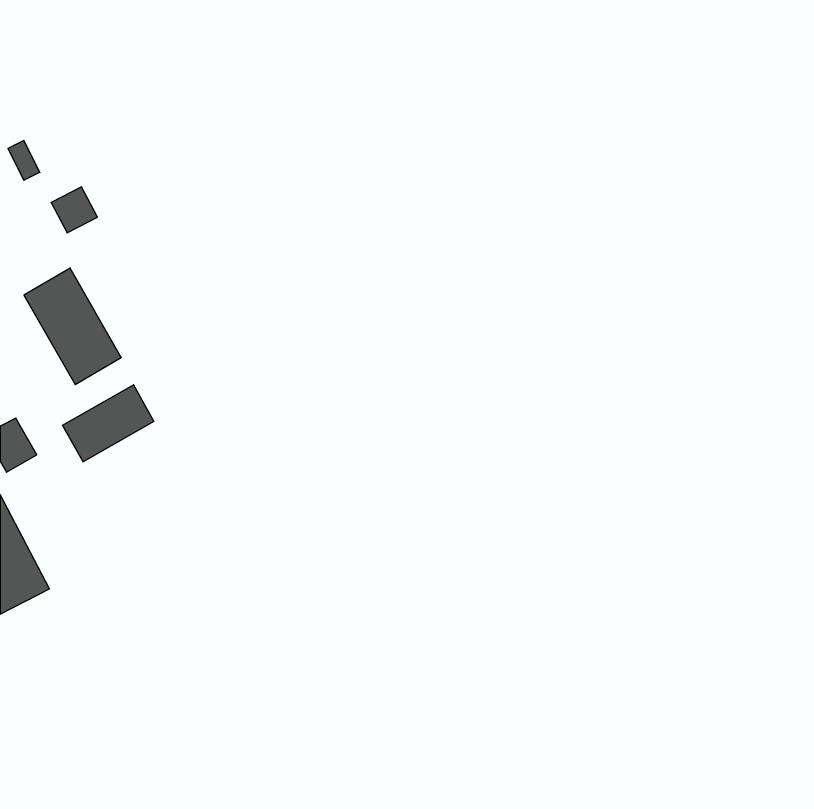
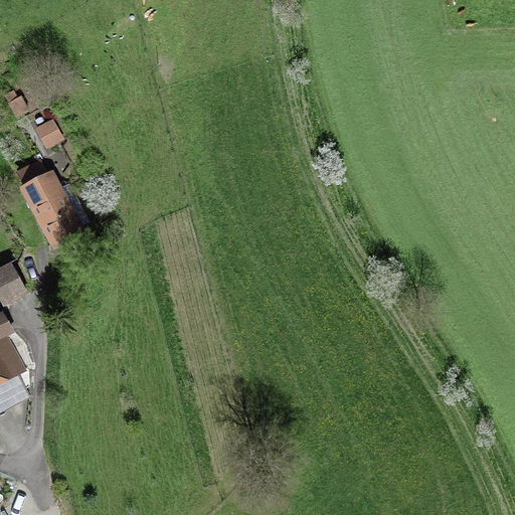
building: [63,385,154,462] -> none

